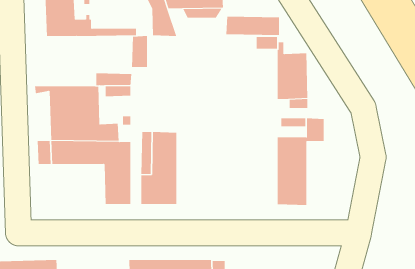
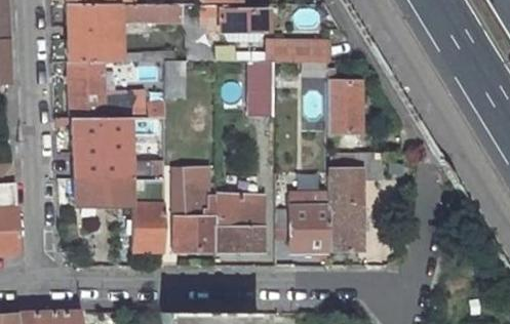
building: none -> [69,62,105,114]
building: none -> [250,63,273,115]
building: none -> [276,194,327,250]
building: none -> [215,196,264,250]

